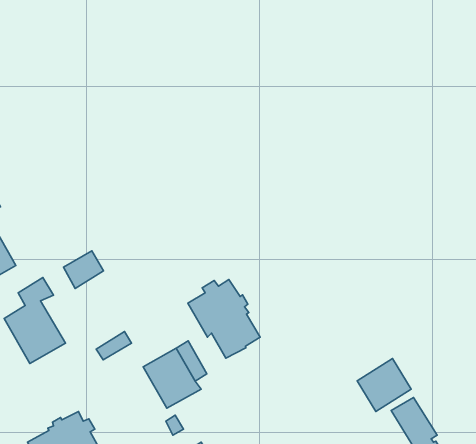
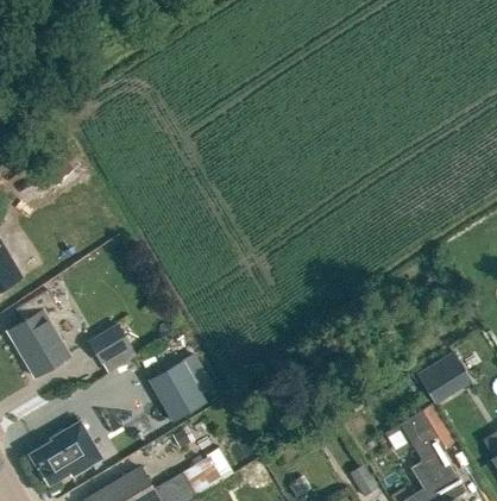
building: [63,251,103,288] -> [89,324,130,362]
building: [188,280,260,358] -> none
building: [357,358,411,411] -> [417,351,472,405]

